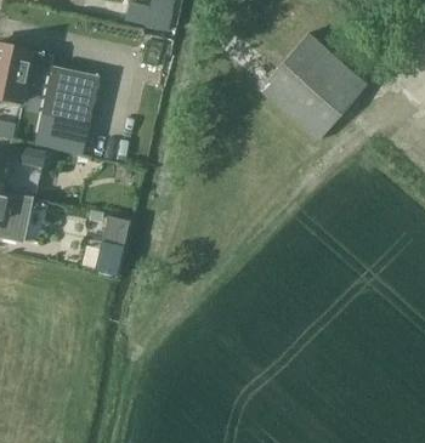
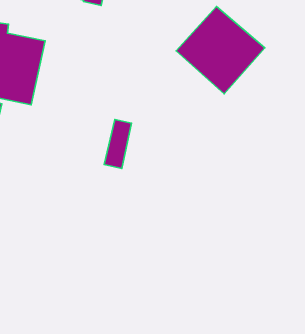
building: [95,216,129,277] -> [104,119,132,168]

